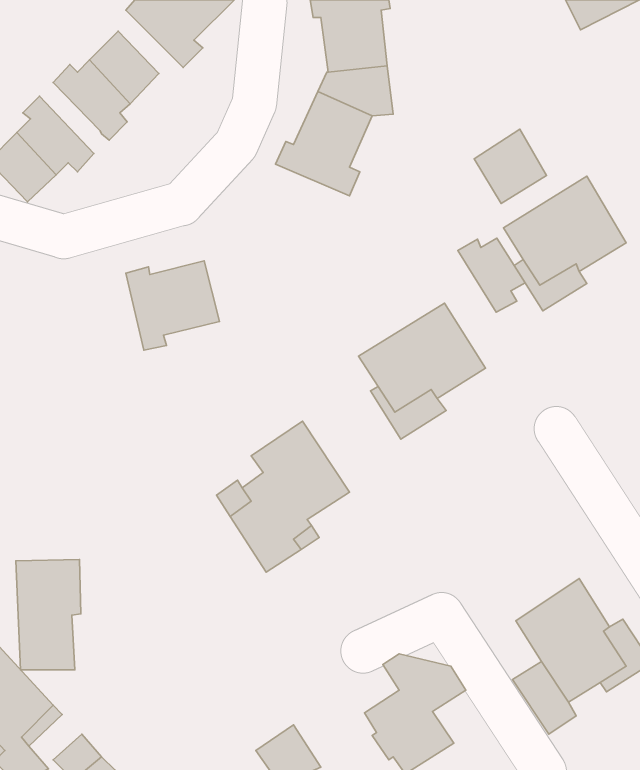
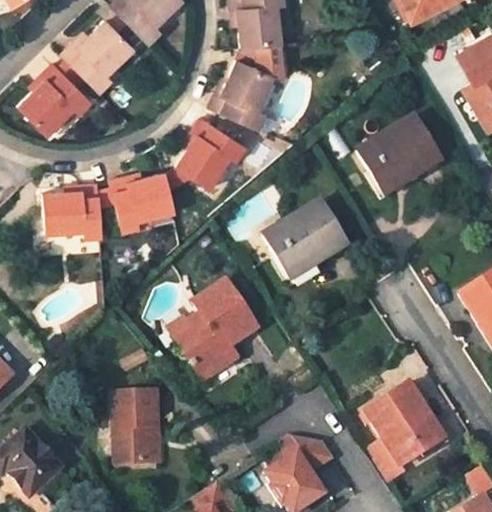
building: [474,129,547,204] -> none
building: none -> [176,119,245,190]
building: [458,238,525,312] -> none
building: none -> [41,183,98,238]
building: [16,559,81,670] -> [113,391,156,464]

